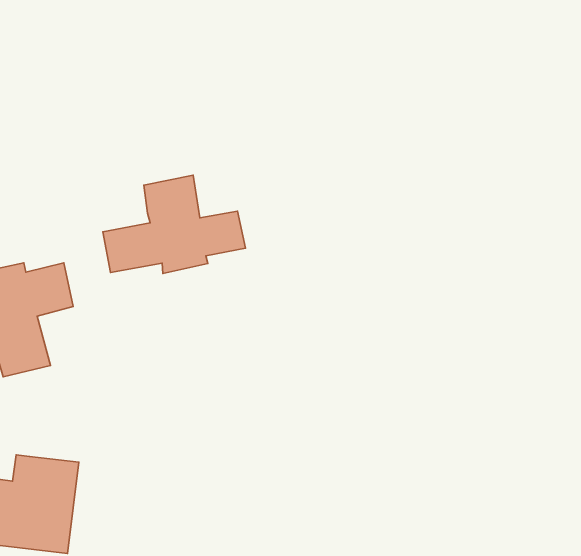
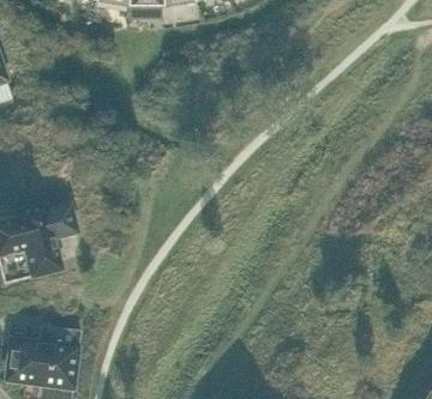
building: [103,175,245,273] -> none

